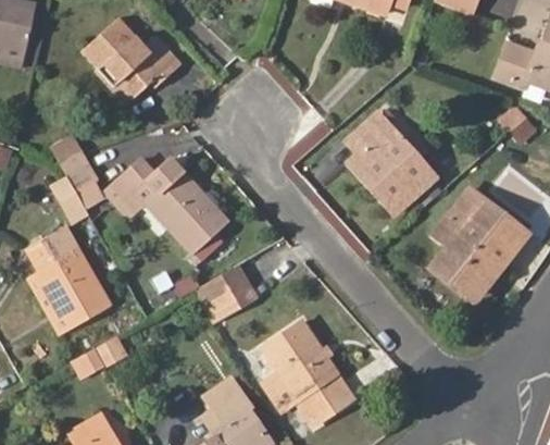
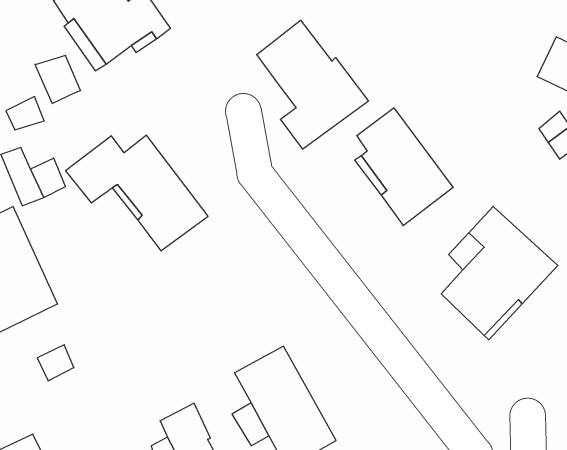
building: none -> [257,20,368,149]
building: [60,151,100,193] -> [35,55,81,103]
building: [191,263,255,320] -> none

